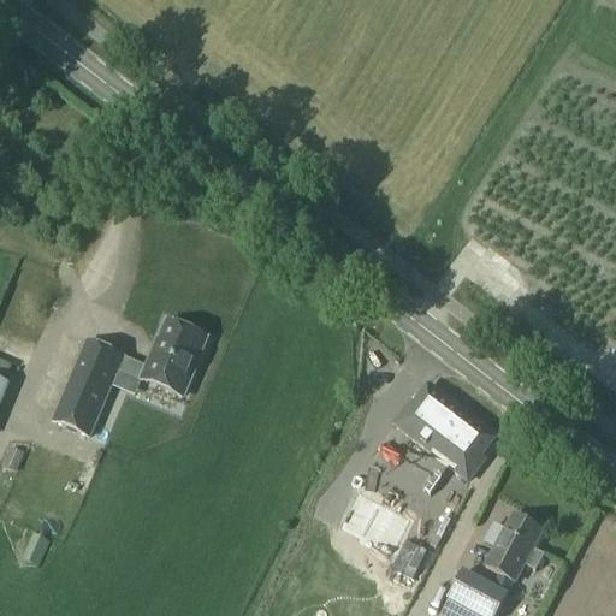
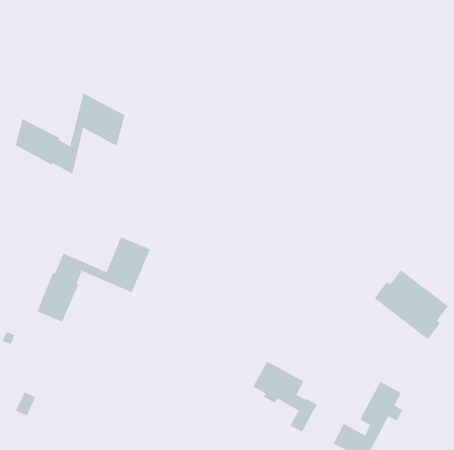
building: none -> [15,92,125,174]
building: [396,383,497,478] -> [374,270,449,340]

